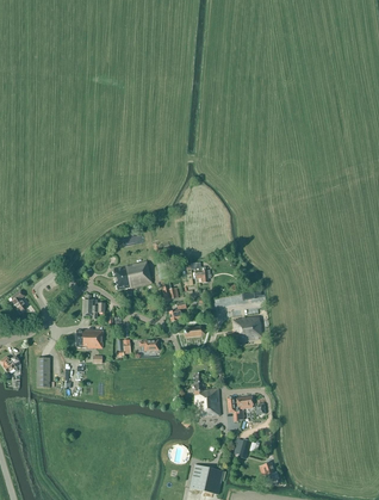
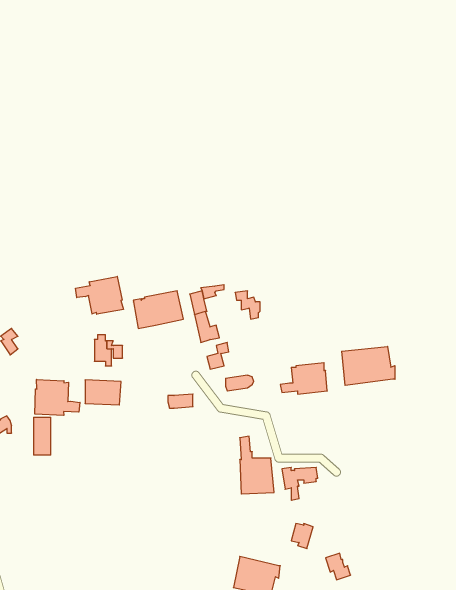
building: none -> [76,276,123,314]
building: none -> [342,346,395,385]
building: none -> [35,379,80,415]

